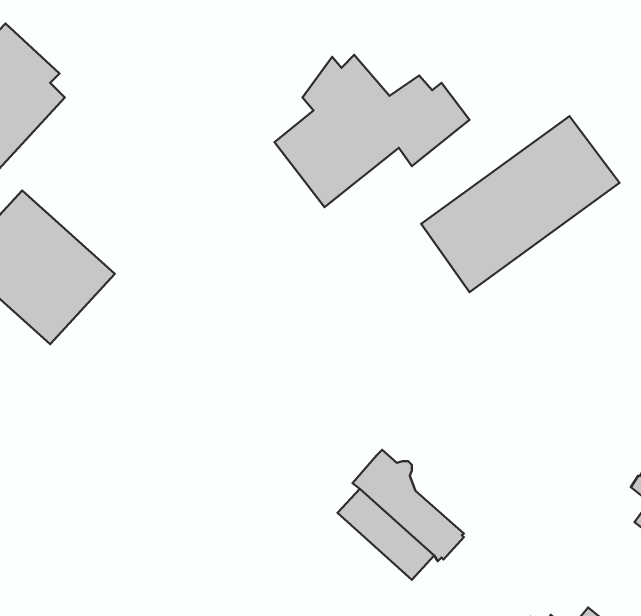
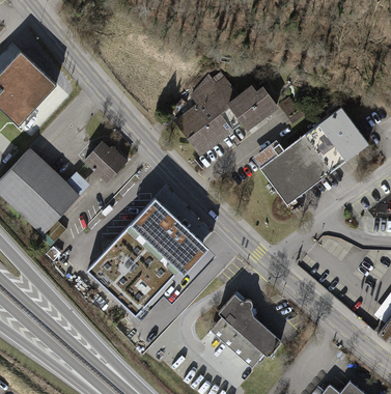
building: none -> [90,142,130,181]
building: none -> [86,198,207,315]

